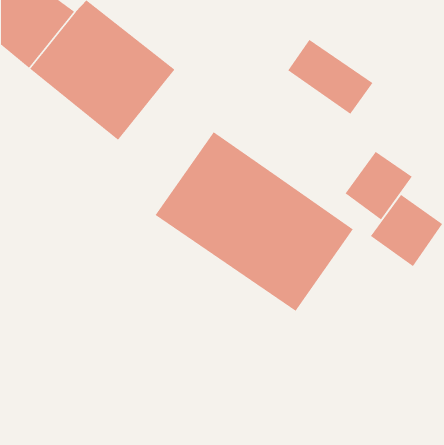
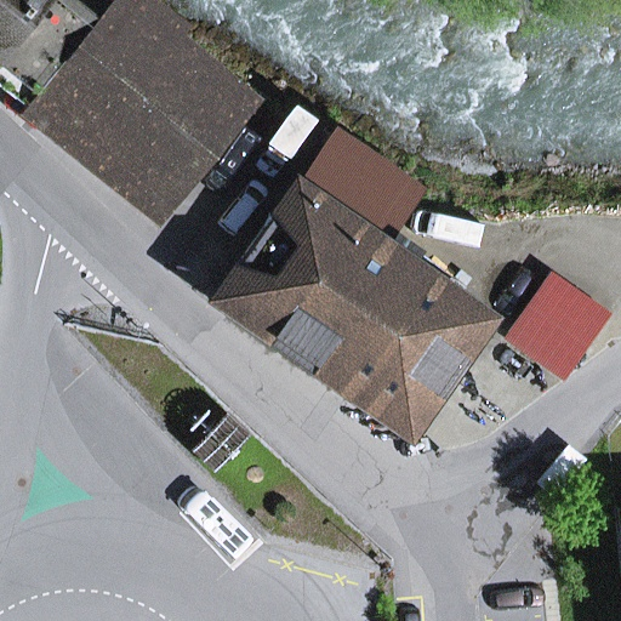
building: [287,39,374,115] -> [303,137,422,241]
building: [345,151,413,220] -> none

